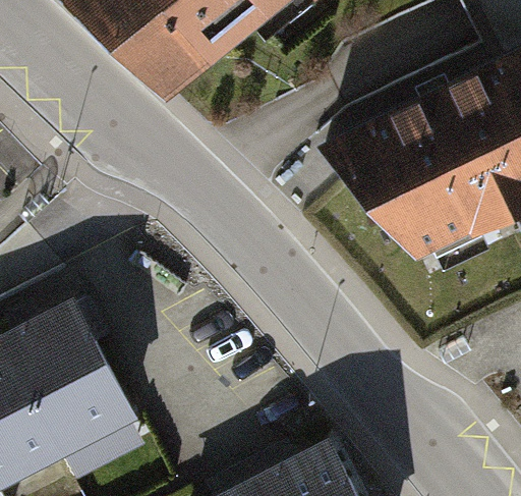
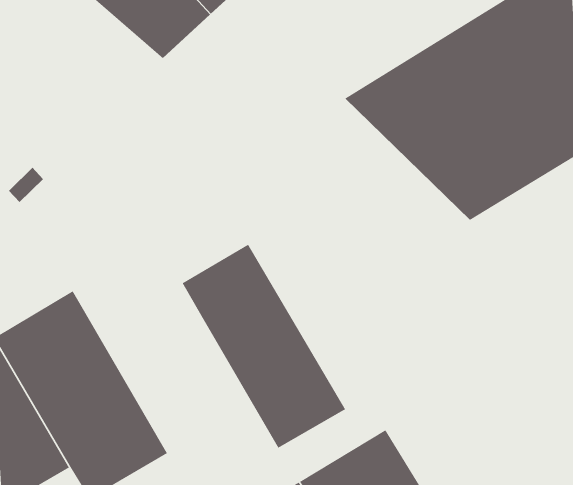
building: none -> [182,244,346,448]

